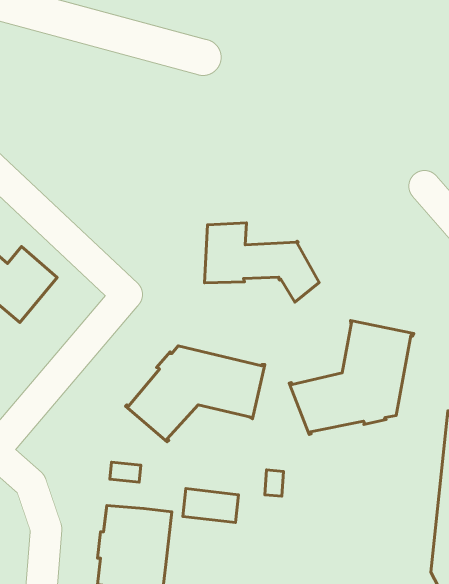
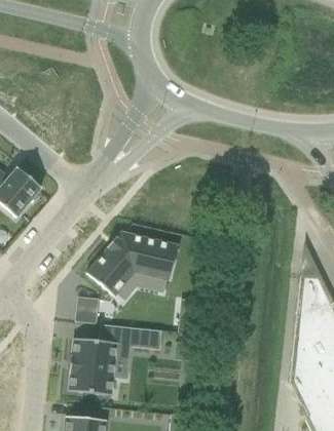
building: [204,223,319,302] -> none
building: [289,321,414,434] -> none

